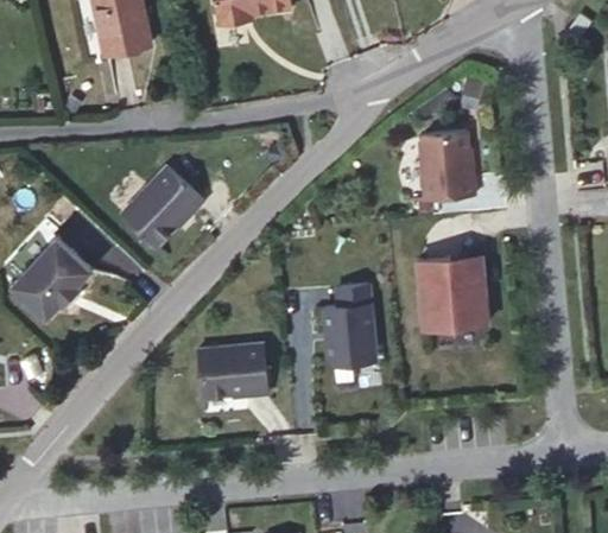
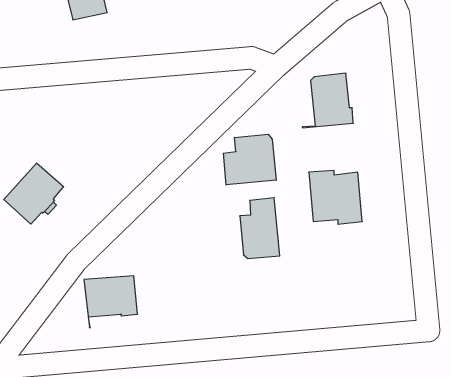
building: [124,170,204,250] -> none
building: none -> [223,134,276,185]
building: [195,341,265,408] -> [84,276,138,328]

